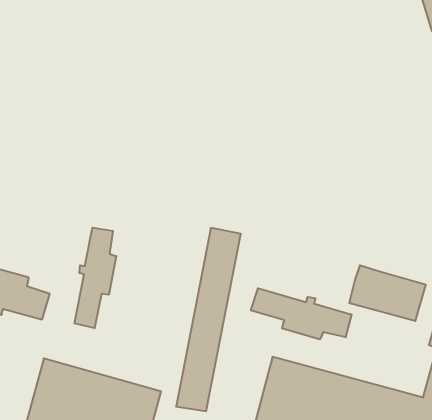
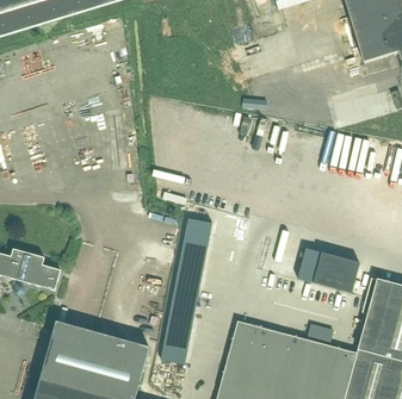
building: [75,228,116,328] -> none
building: [251,288,352,339] -> none

